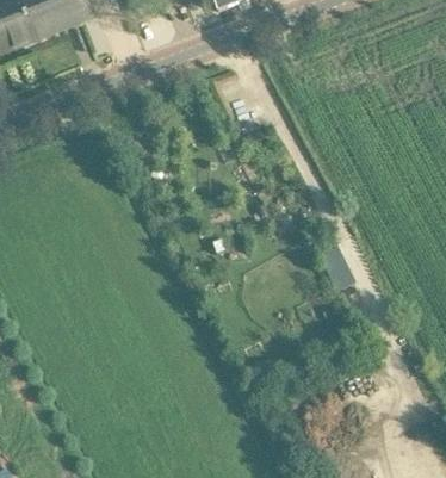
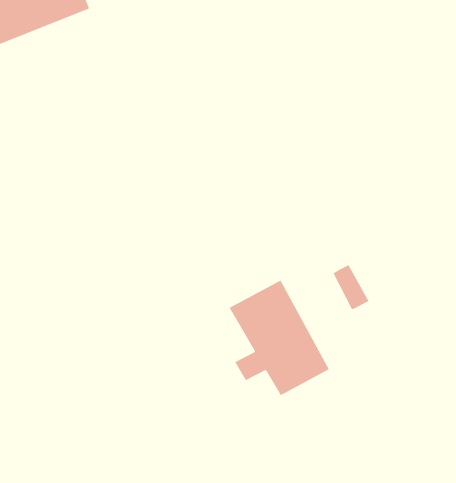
building: none -> [229,279,330,396]

